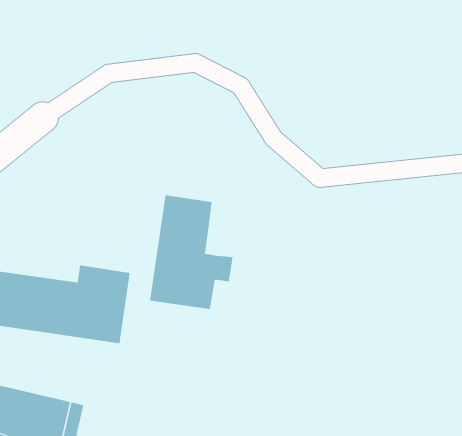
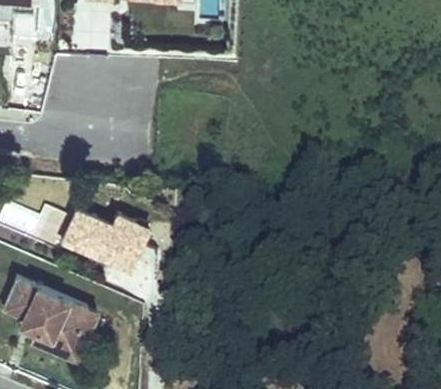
building: [149,194,233,310] -> none

